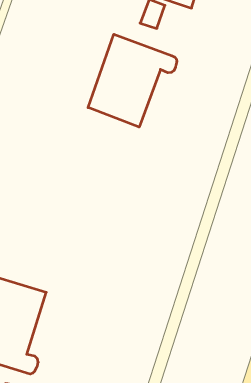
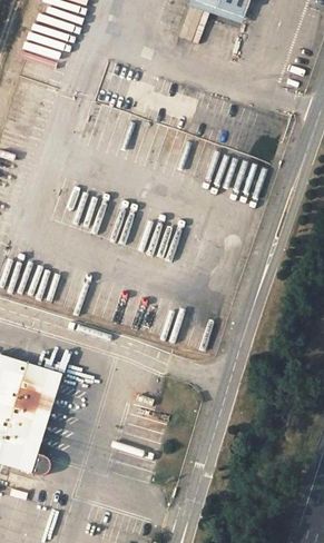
building: [88,34,177,127] -> none

